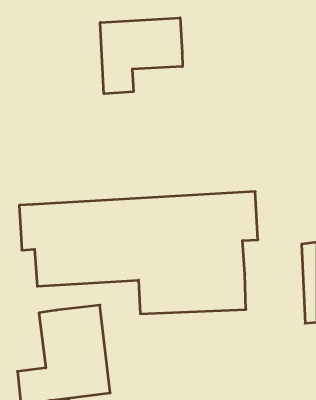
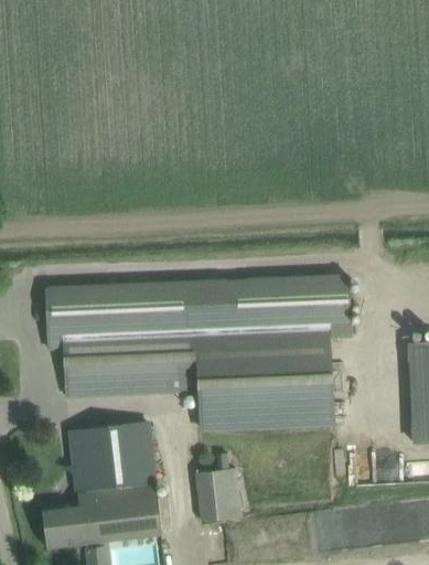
building: [100,18,182,94] -> none
building: none -> [196,469,242,522]

